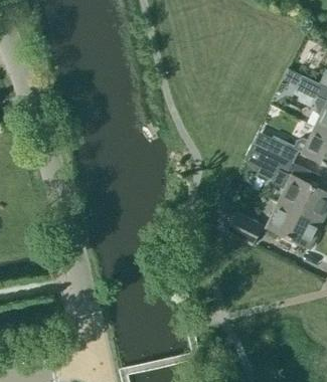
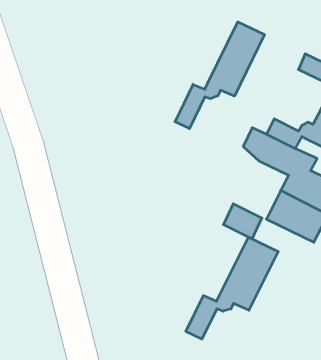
building: none -> [175,22,264,129]
building: none -> [186,237,278,339]

